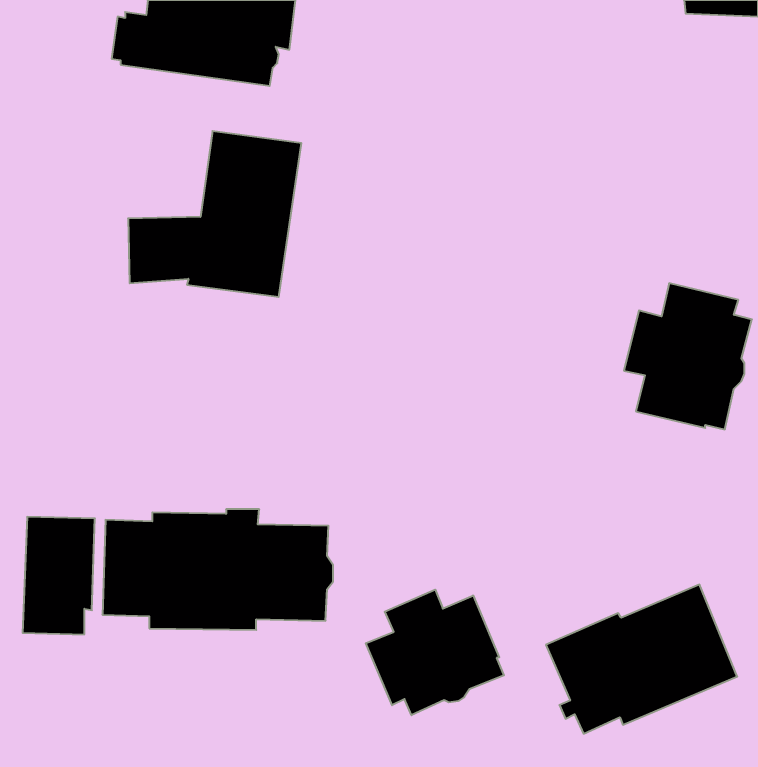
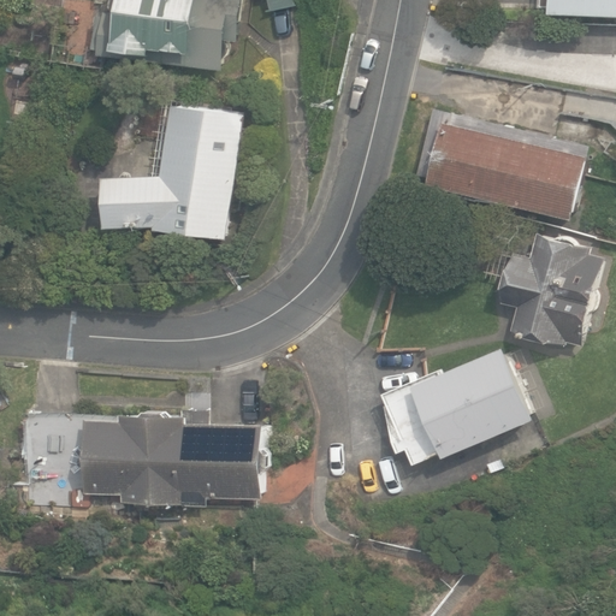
building: none -> [427,120,585,218]
building: [546,585,737,734] -> [380,345,533,464]
building: [366,590,504,715] -> none

